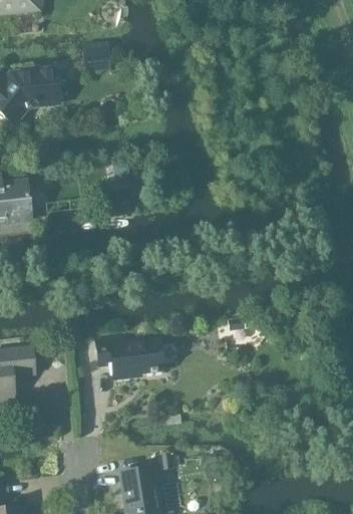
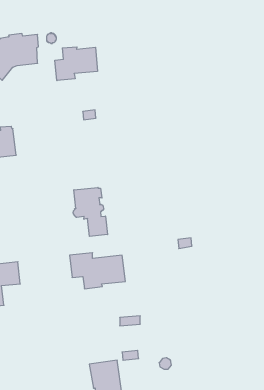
building: none -> [55,47,97,81]
building: none -> [73,187,108,236]

